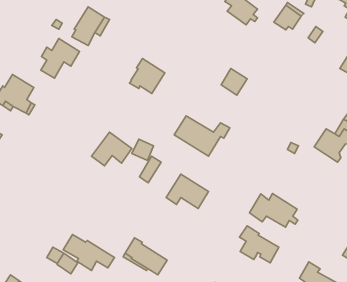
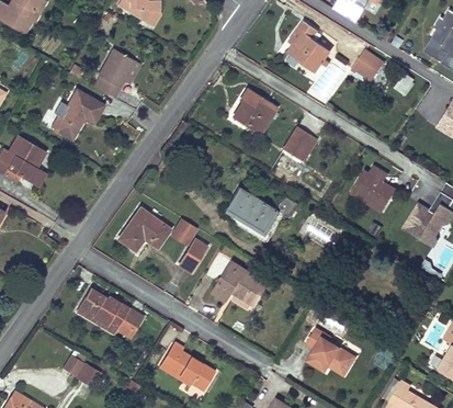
building: [130,58,165,94] -> [231,89,276,134]
building: none -> [353,166,395,212]
building: [250,193,298,227] -> none
building: [63,234,115,270] -> [78,288,144,335]

